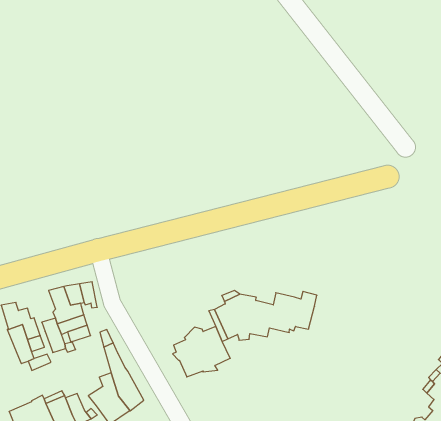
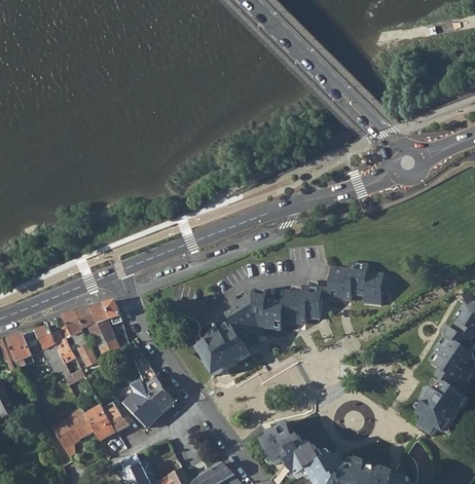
building: none -> [326,259,395,303]
building: none -> [60,307,84,339]

